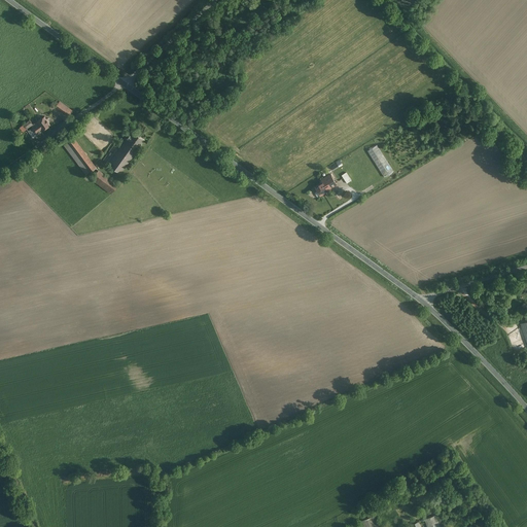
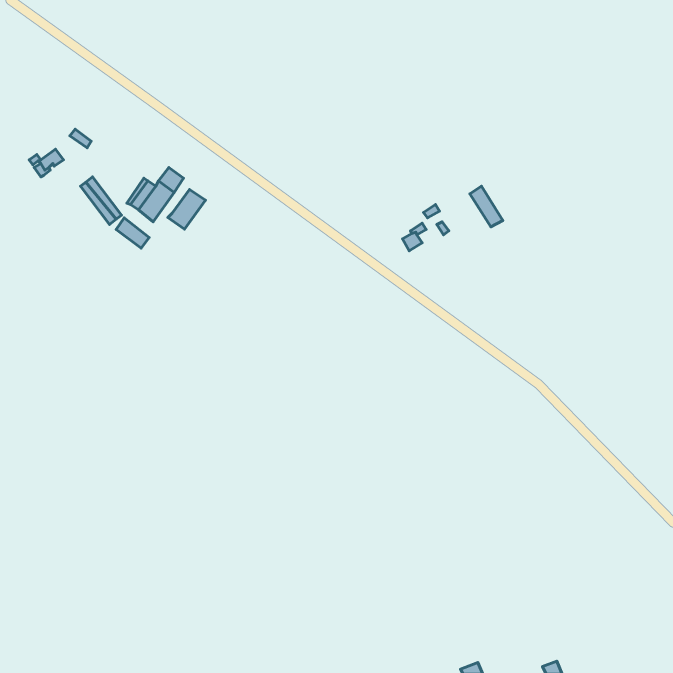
building: none -> [168,190,206,229]

